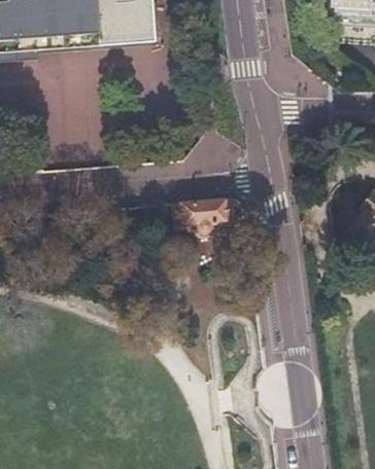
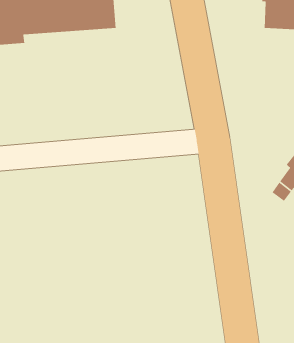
building: [176,195,238,231] -> none

